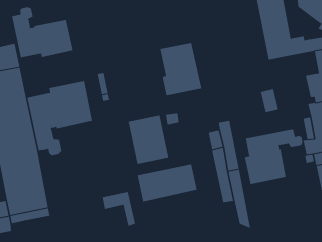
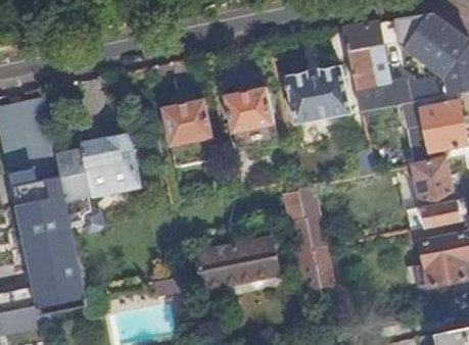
building: [12,6,73,58] -> none
building: none -> [284,63,349,121]
building: [128,115,169,164] -> [161,99,214,161]
building: [244,129,303,185] -> none

